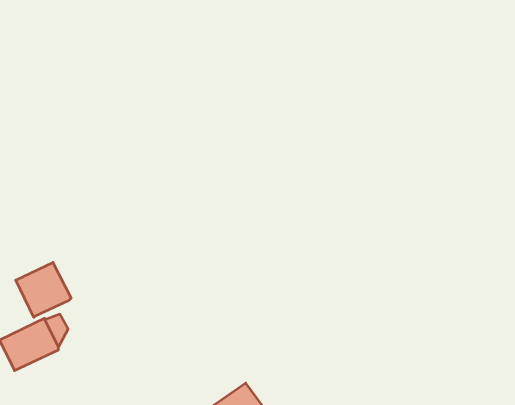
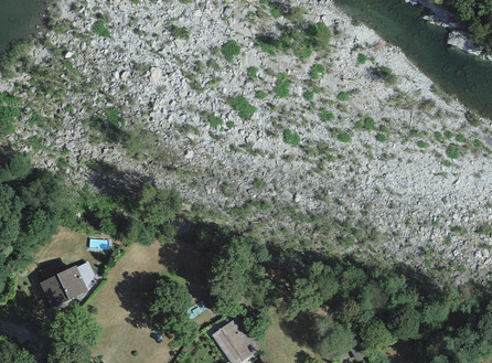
building: [16,262,71,317] -> none

